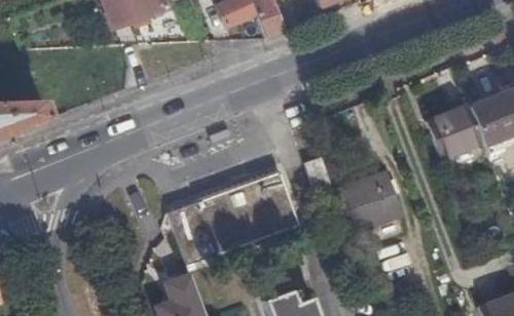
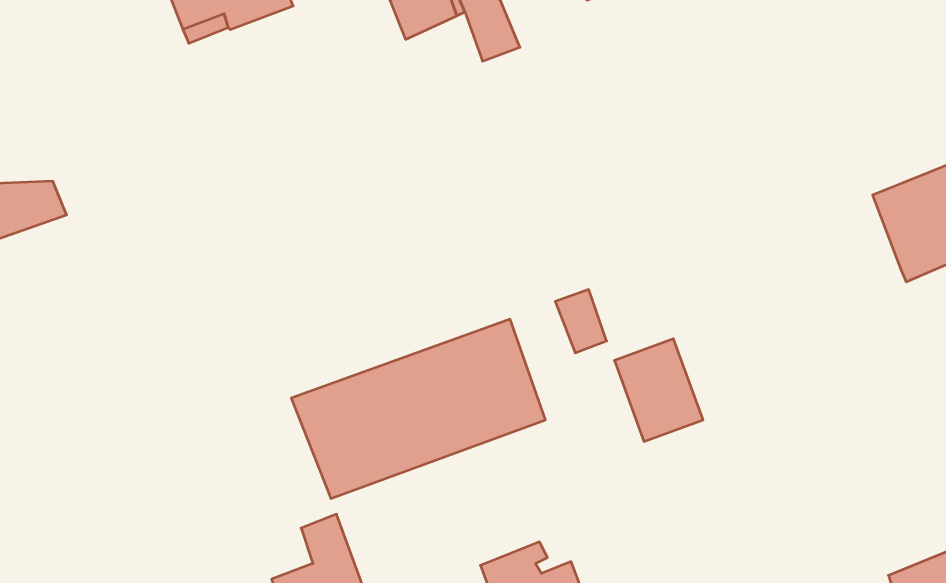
building: [428,106,484,161] -> none
building: [366,173,403,224] -> none

